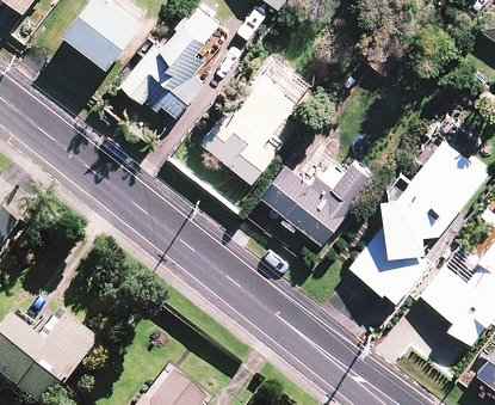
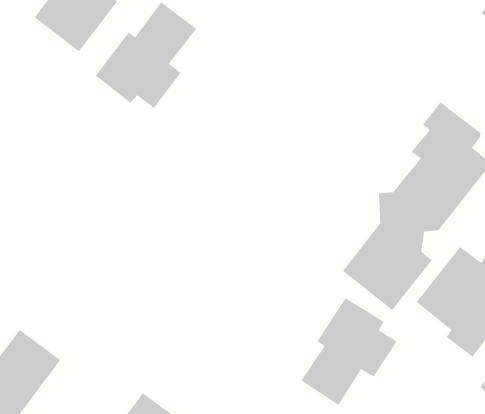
building: [205,54,298,177] -> none
building: [268,151,383,239] -> none
building: none -> [301,297,398,406]

